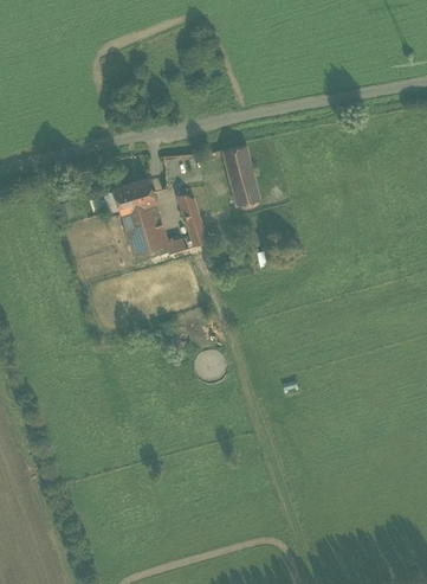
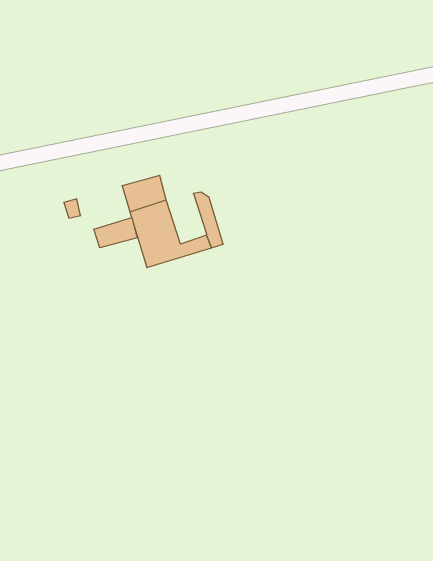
building: [222,145,260,206] -> none
building: none -> [94,218,137,248]

